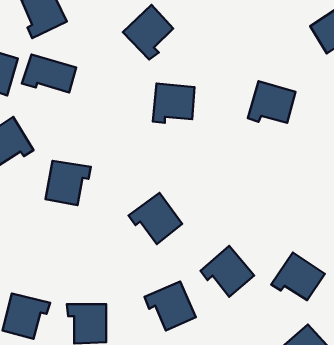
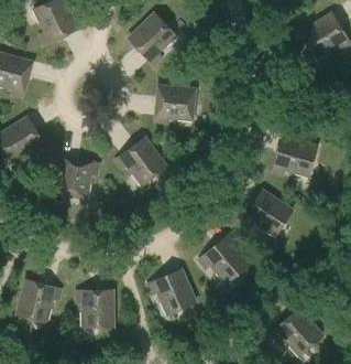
building: [22,55,76,92] -> none
building: [248,81,296,123] -> [273,137,317,175]
building: [128,193,182,244] -> [117,138,166,185]
building: [271,252,325,300] -> [243,191,293,235]

